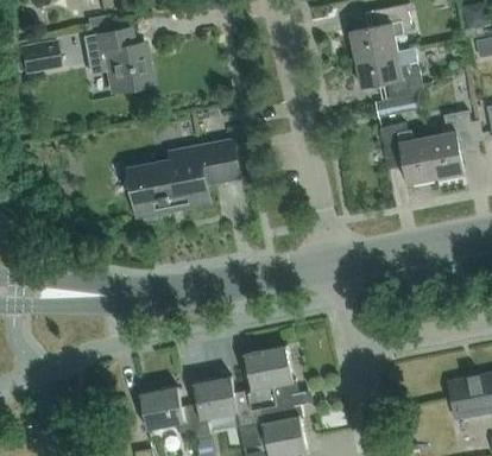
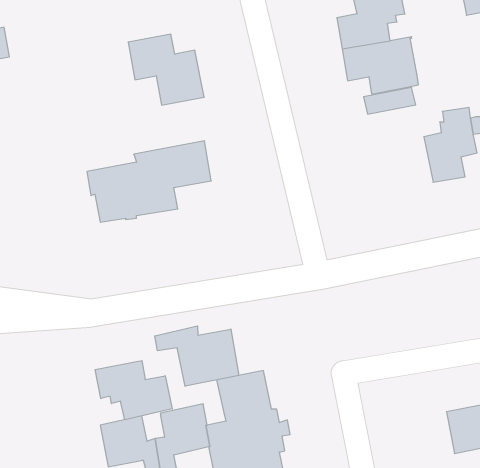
building: [83,30,151,93] -> [128,34,204,105]
building: [381,124,436,184] -> none
building: none -> [155,326,239,386]
building: none -> [95,361,172,420]

